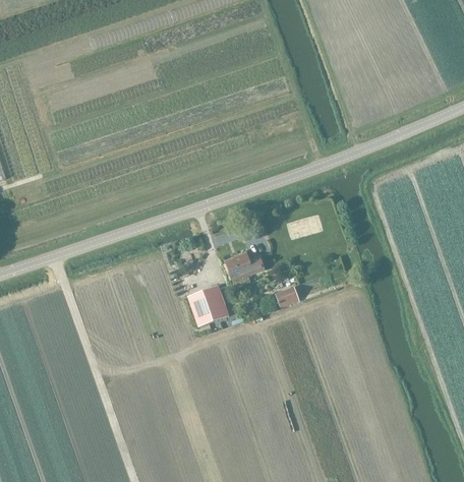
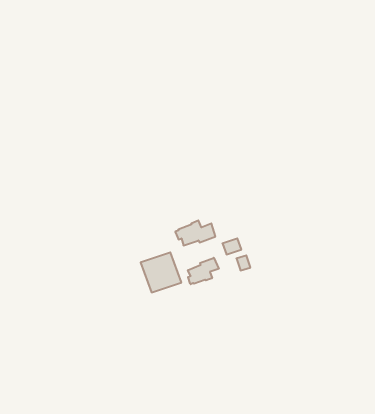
building: none -> [188,258,219,284]

